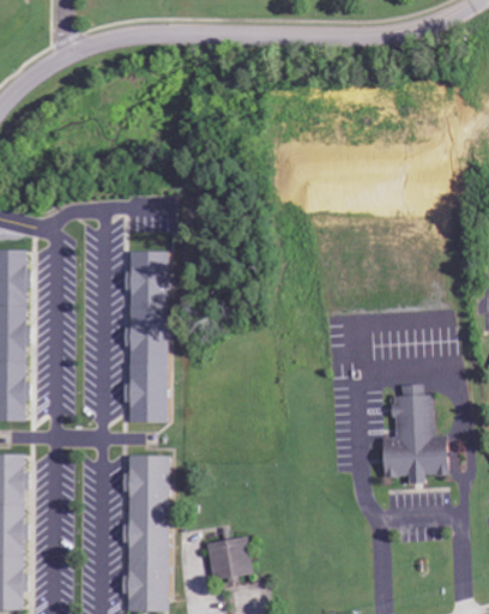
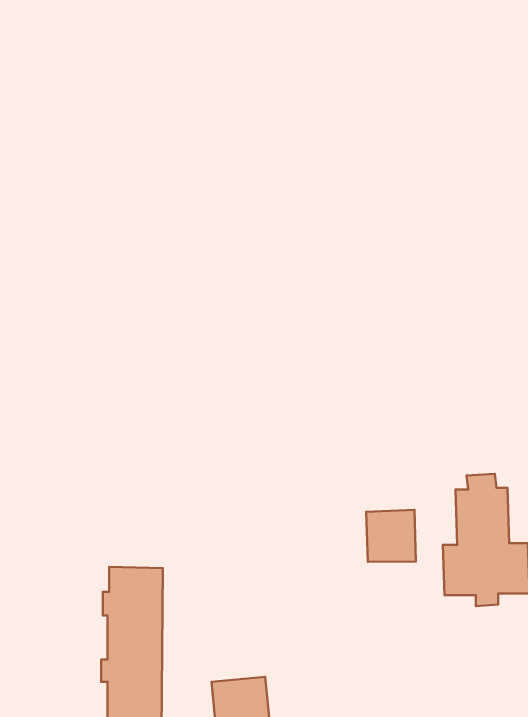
building: [127,251,168,422] -> none
building: none -> [366,510,416,562]

